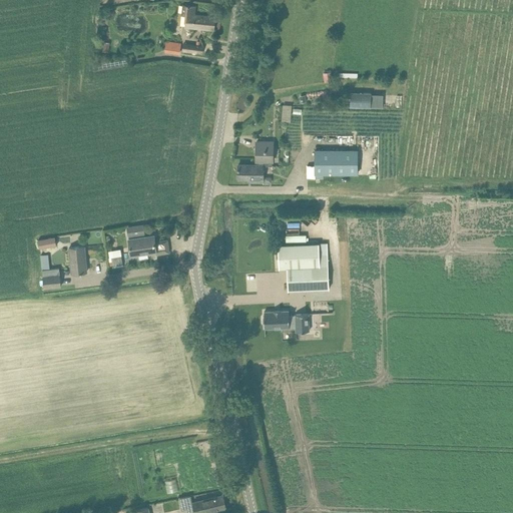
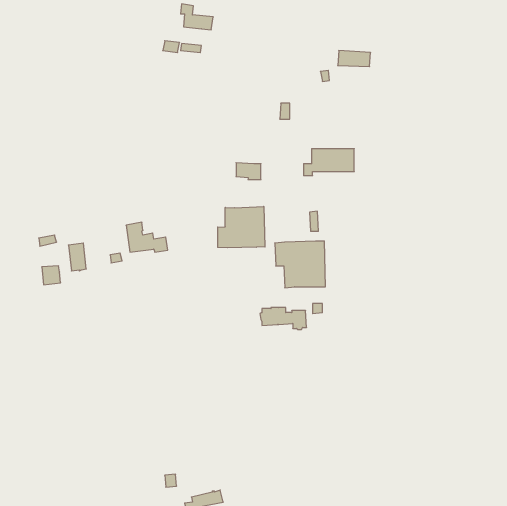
building: [352,92,385,108] -> [338,51,371,67]
building: [256,142,273,166] -> none
building: none -> [218,206,265,248]

